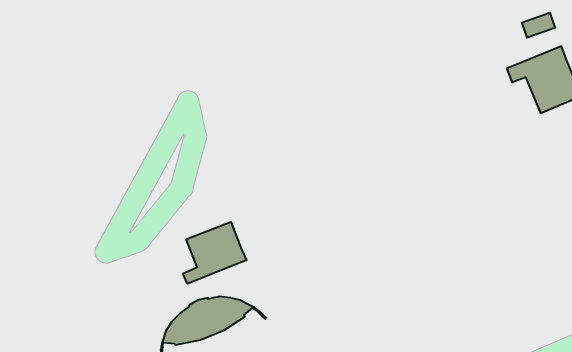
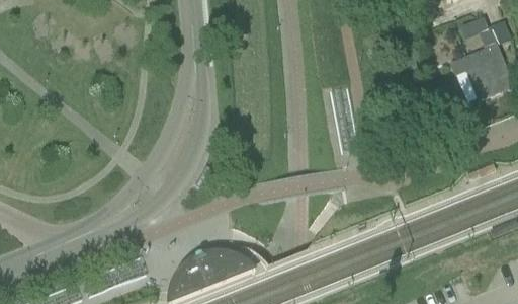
building: [183,222,247,284] -> none

